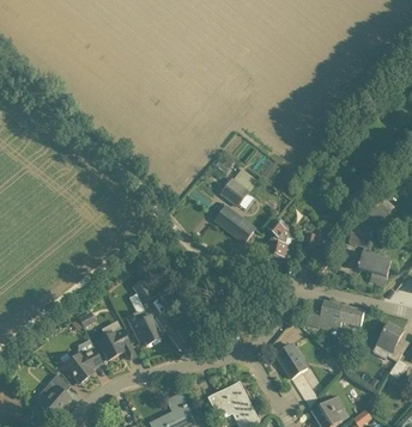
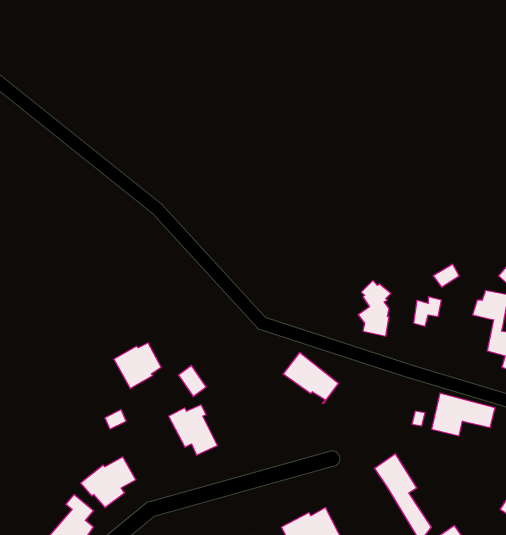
building: [220,167,256,206] -> none
building: [214,205,255,242] -> [283,353,339,403]
building: [95,327,129,360] -> [114,343,161,389]

